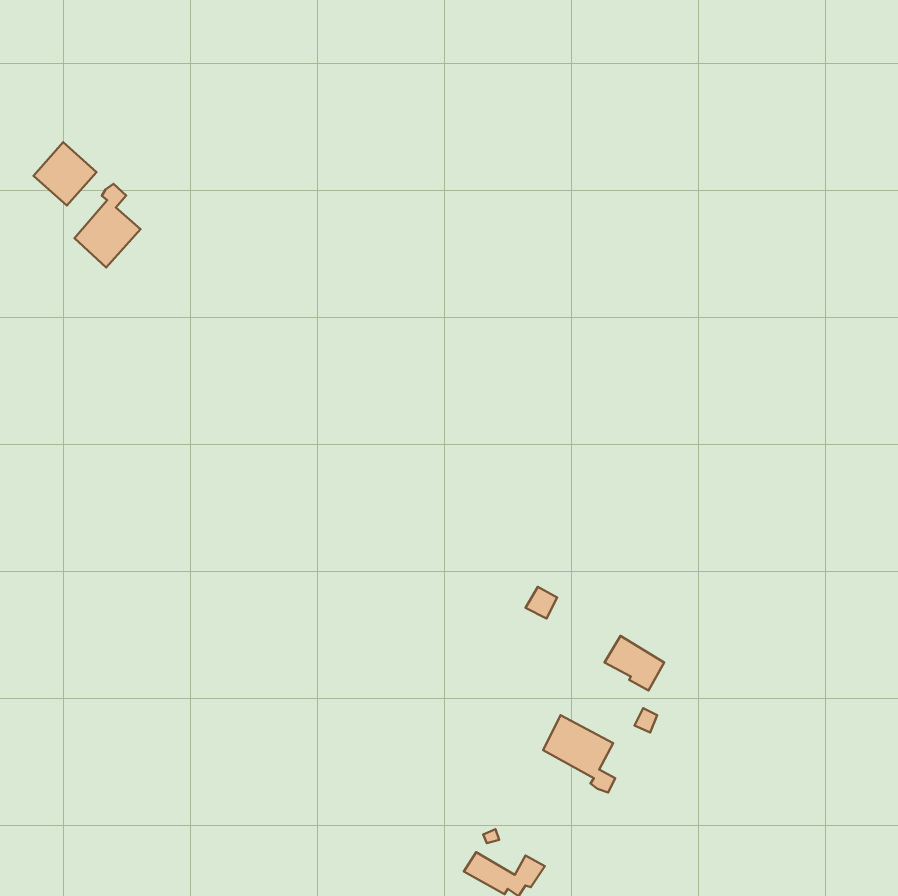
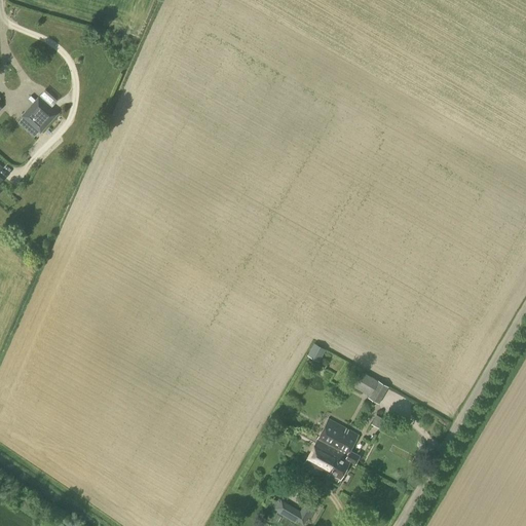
building: [74,184,140,268] -> none
building: none -> [297,430,349,483]

